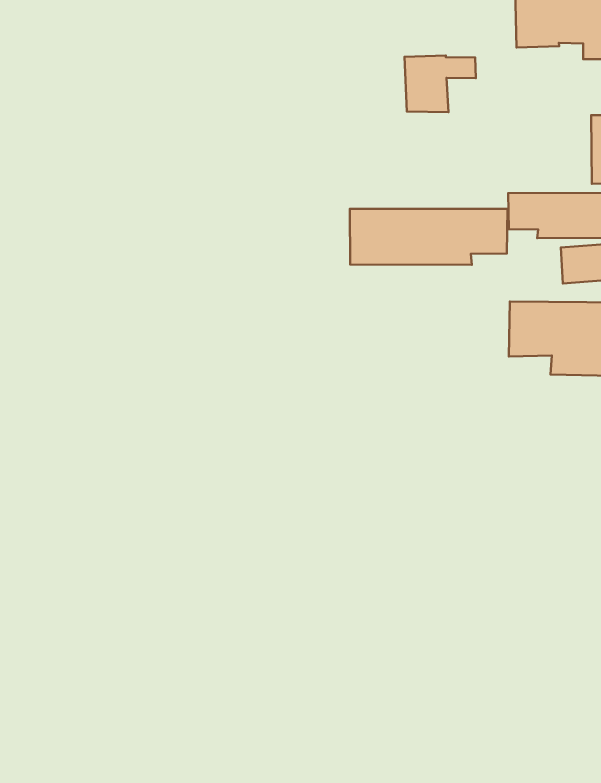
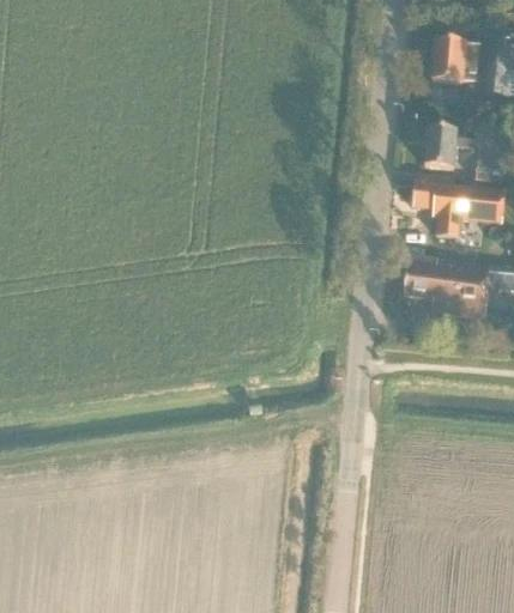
building: [404,56,476,112] -> [424,126,476,168]
building: [350,209,507,265] -> none

